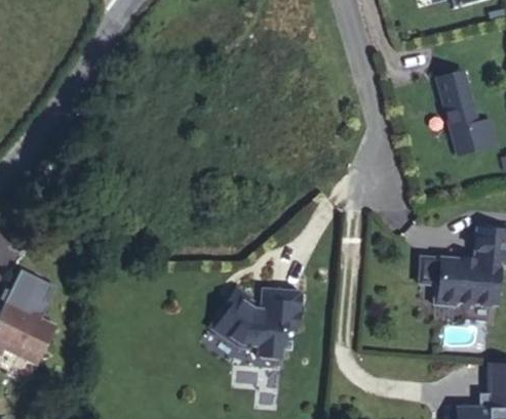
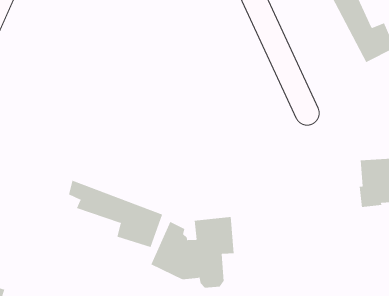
building: none -> [69,180,163,248]

